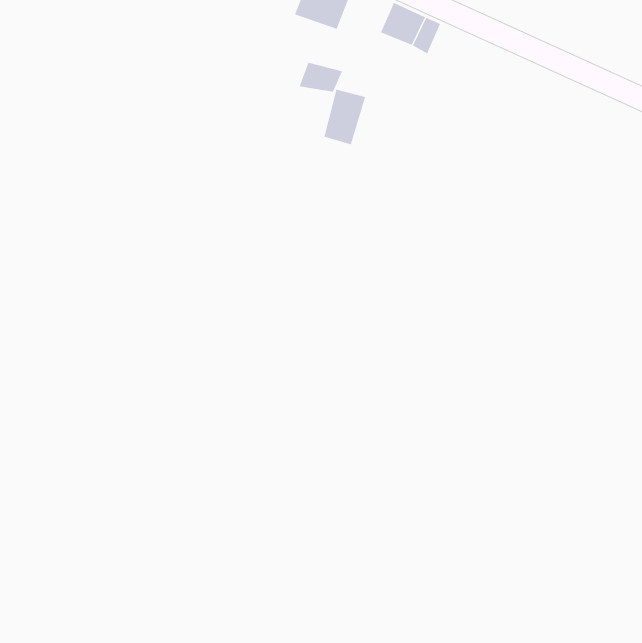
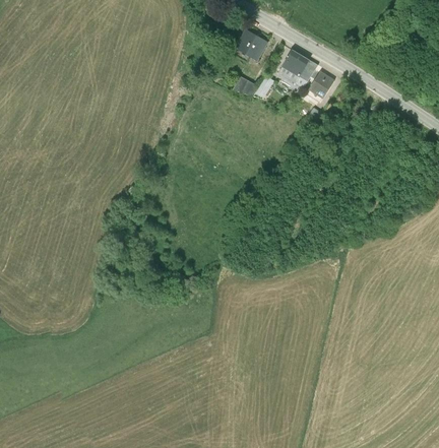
building: none -> [308,71,334,99]
building: [324,89,366,145] -> none

